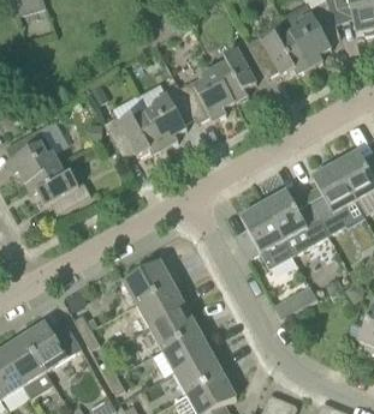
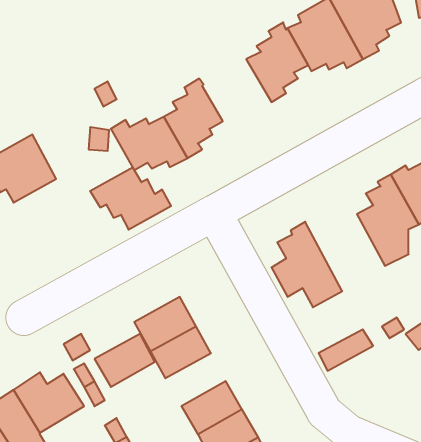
building: [178,67,235,122] -> none
building: [24,164,90,215] -> [90,168,171,230]
building: [262,191,327,256] -> none
building: [148,306,197,349] -> [95,334,155,387]

